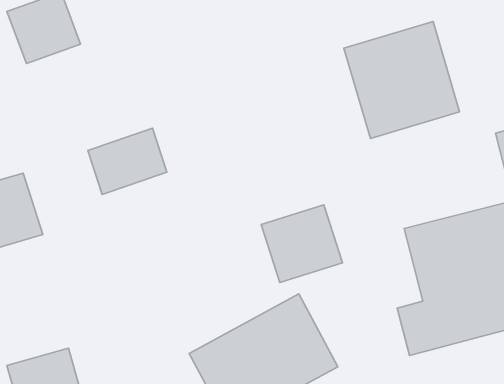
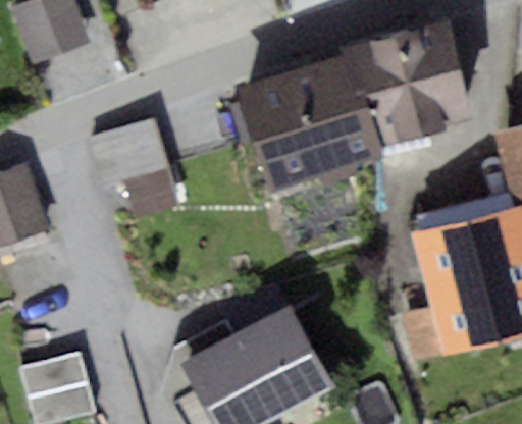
building: none -> [242,54,380,187]
building: [261,205,343,282] -> none

